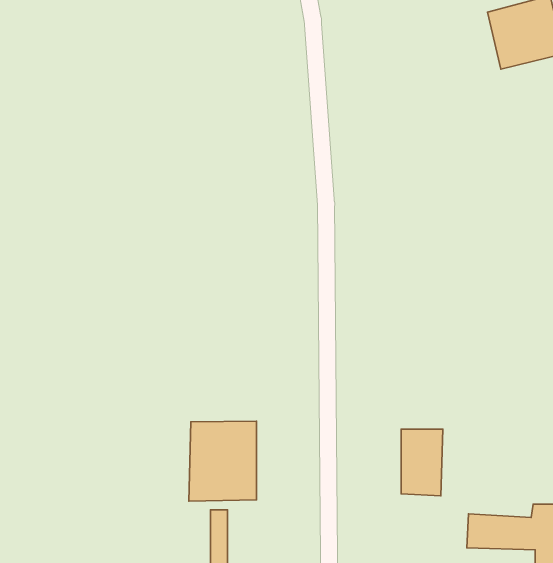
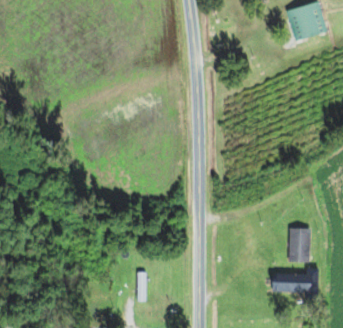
building: [189,421,257,501] -> none
building: [401,429,443,496] -> [289,228,311,263]

